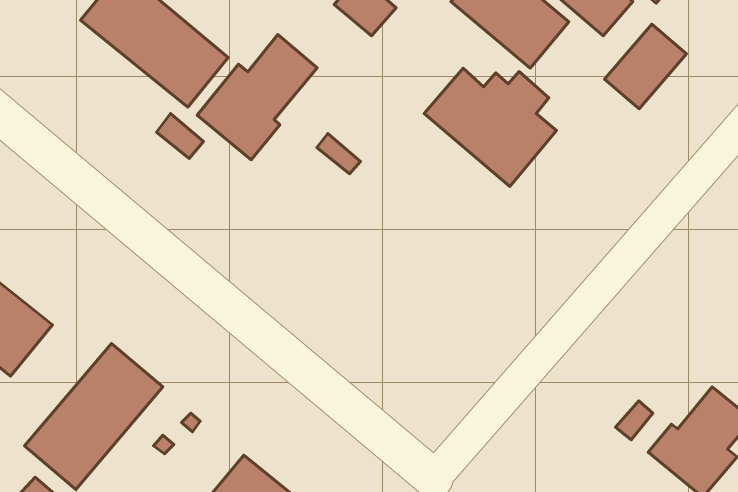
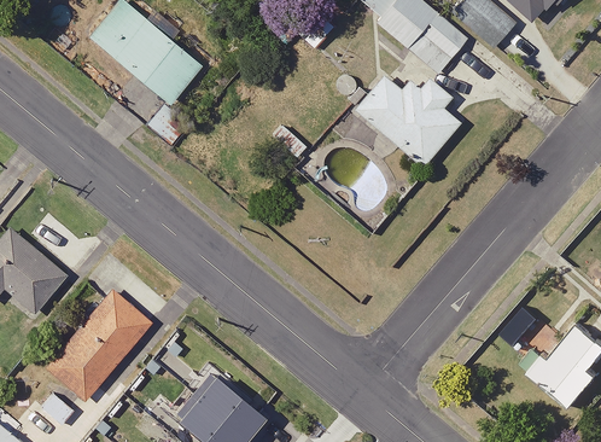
building: [605,24,687,109] -> none
building: [197,35,317,160] -> none

